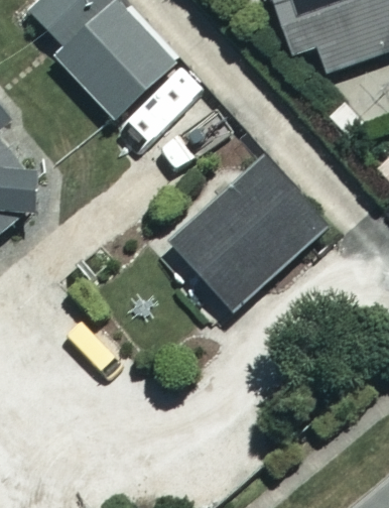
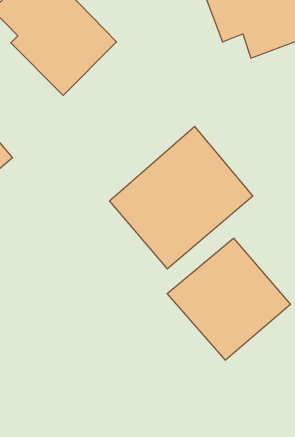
building: none -> [167,238,290,360]

